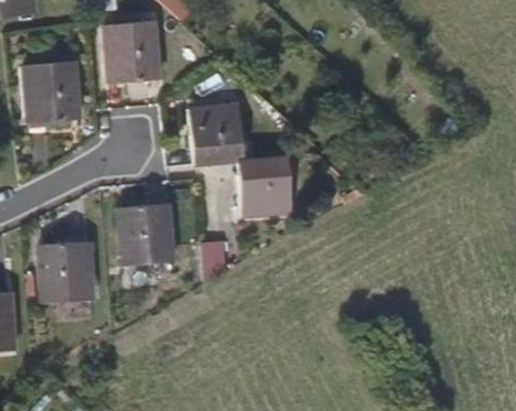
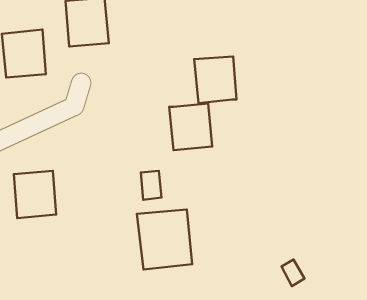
building: [189,105,243,164] -> [194,57,237,103]
building: [119,203,172,267] -> none
building: none -> [137,210,192,269]

